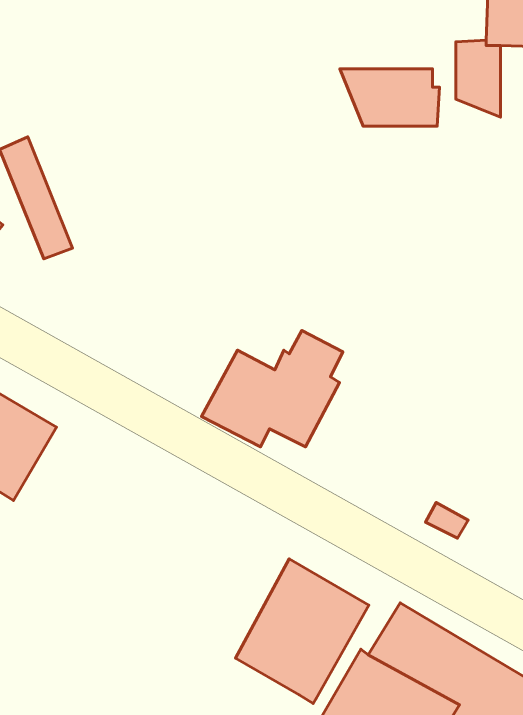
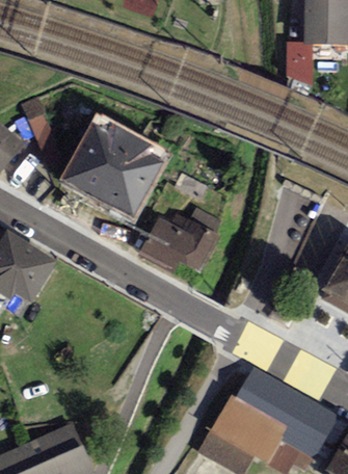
building: [340,69,439,126] -> none
building: none -> [65,122,162,220]
building: [235,559,369,703] -> none

